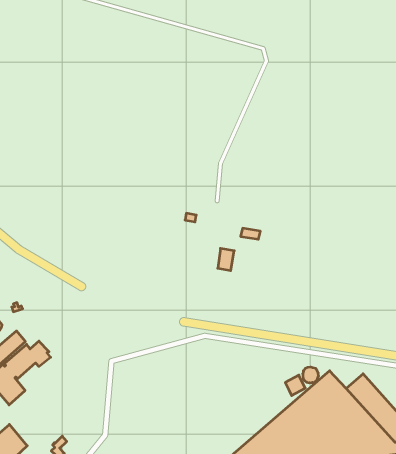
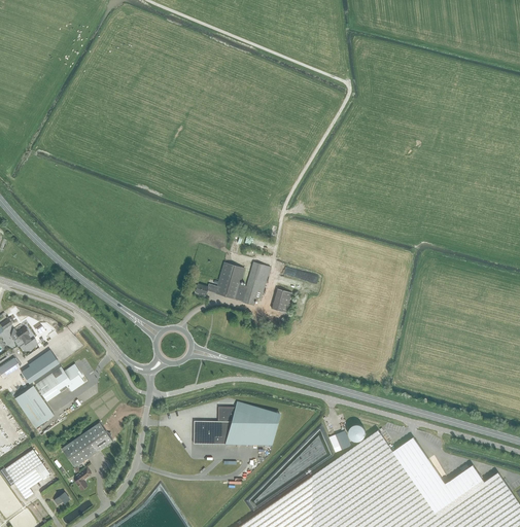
building: none -> [195,262,270,306]
building: none -> [194,402,279,445]
building: none -> [62,422,111,467]

